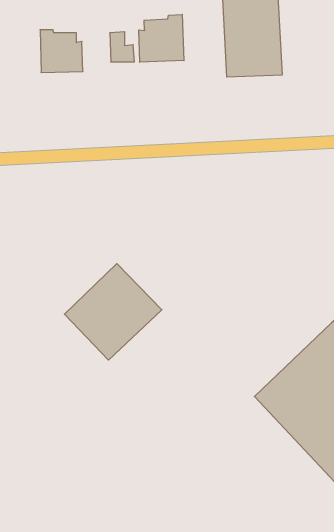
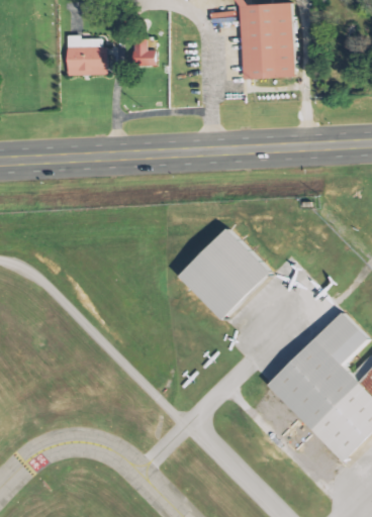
building: [139,14,184,62] -> none
building: [64,264,162,360] -> [181,226,273,317]

